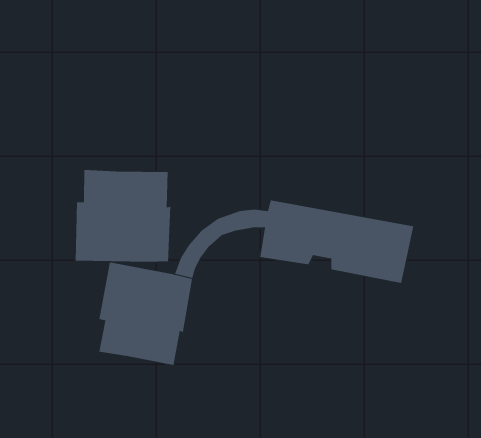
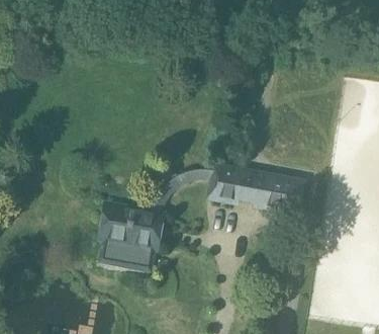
building: [75,169,171,263] -> none

